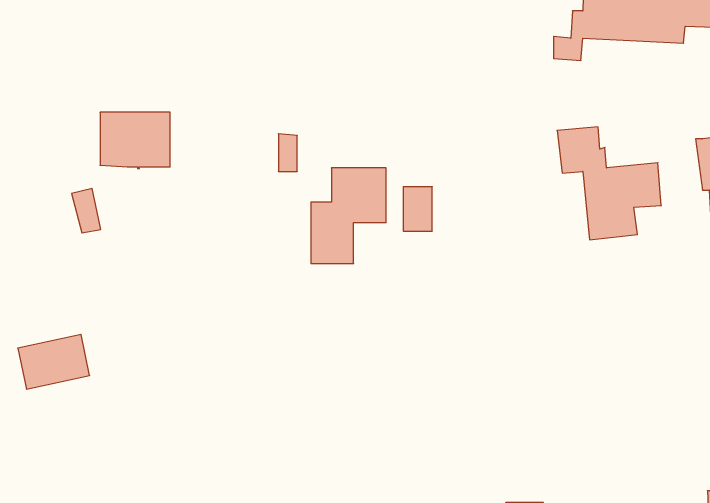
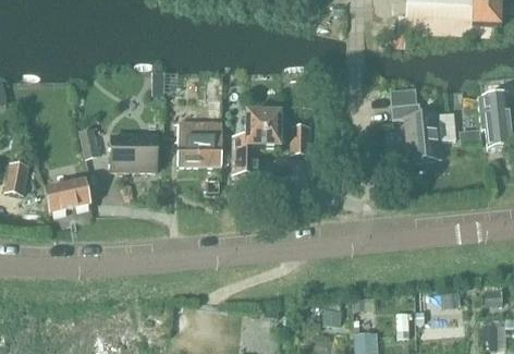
building: [100,112,170,169] -> [110,137,155,173]
building: none -> [174,123,220,167]
building: [18,334,90,389] -> [44,181,89,216]

